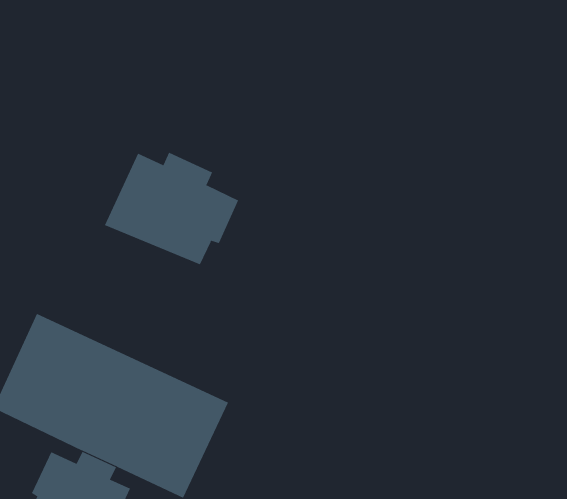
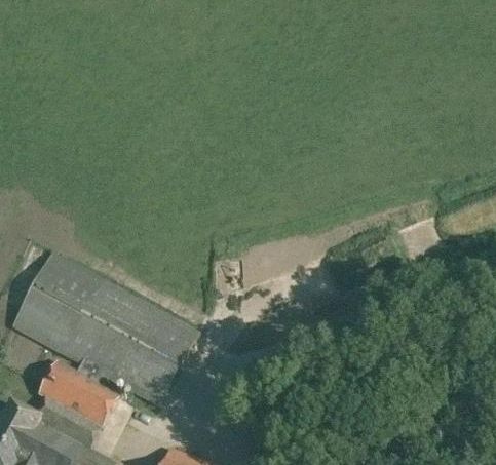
building: [104,152,239,265] -> none

